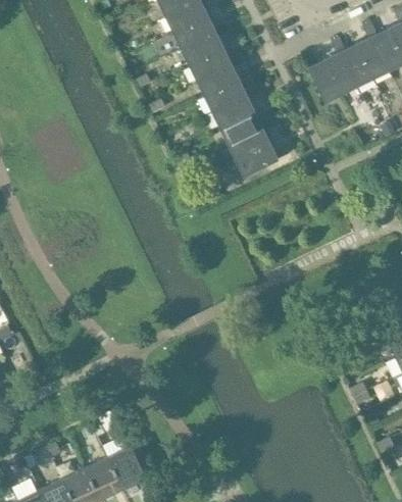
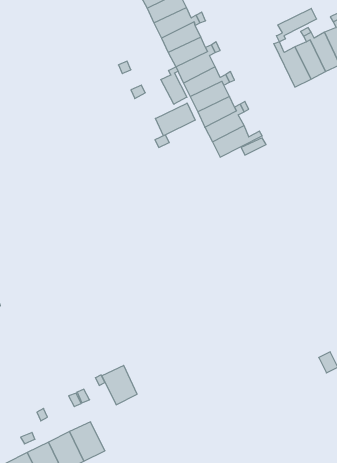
building: none -> [276,8,317,42]
building: none -> [161,67,187,104]
building: none -> [155,103,195,136]
building: [106,447,144,489] -> [102,365,137,405]

